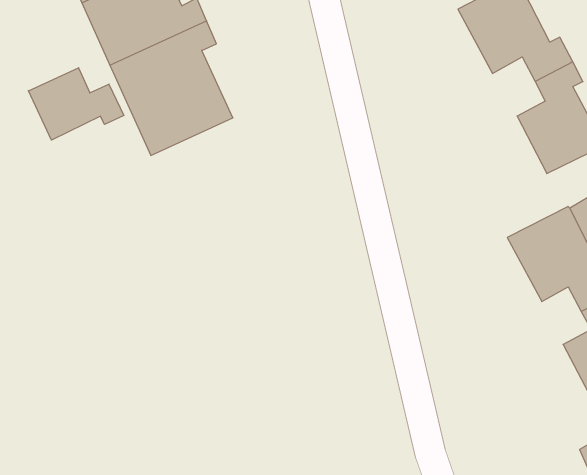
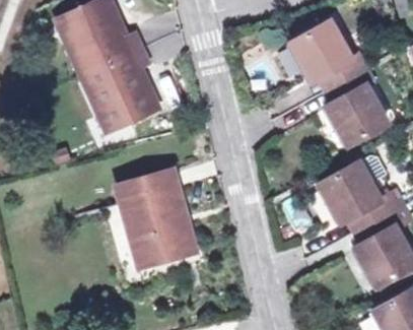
building: [28,68,124,140] -> none
building: none -> [118,178,196,266]

